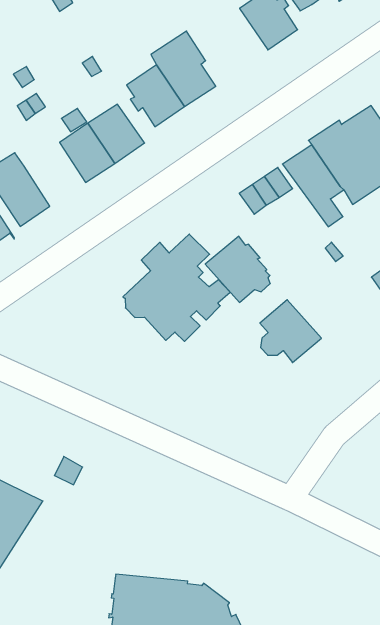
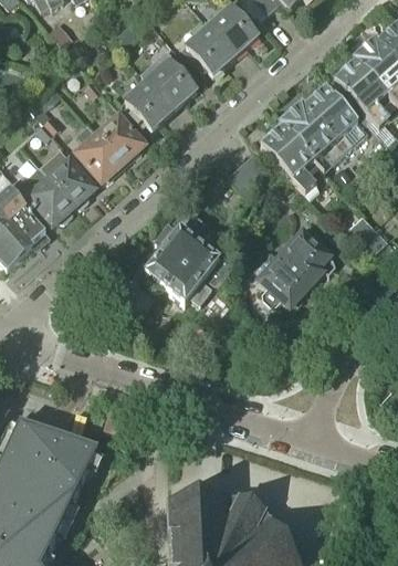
building: none -> [182,22,235,74]
building: none -> [49,157,95,205]
building: [205,236,270,302] -> [279,229,334,283]

